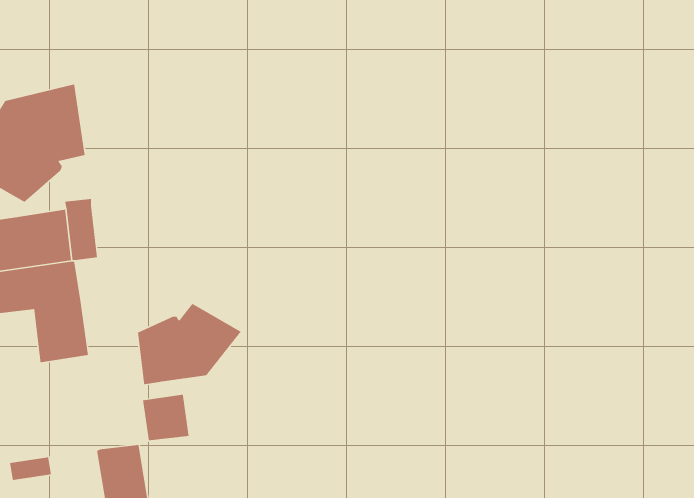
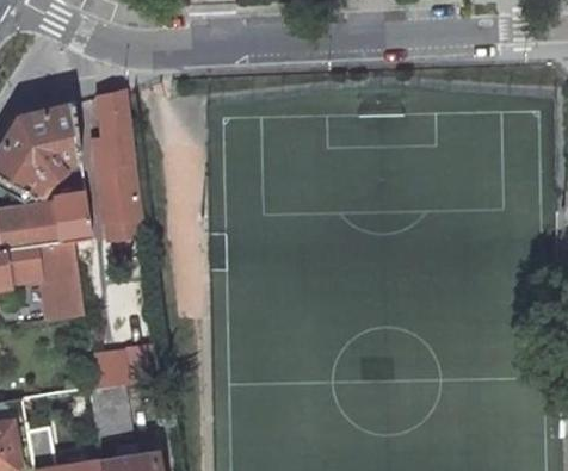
building: none -> [94,89,142,222]
building: [137,303,242,385] -> none

